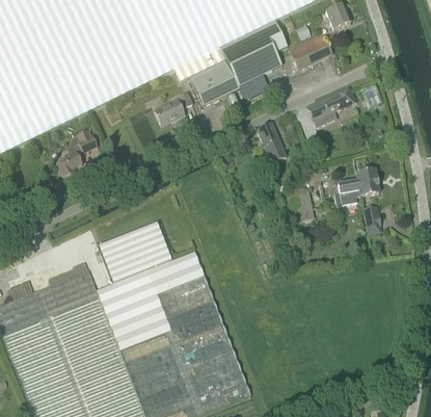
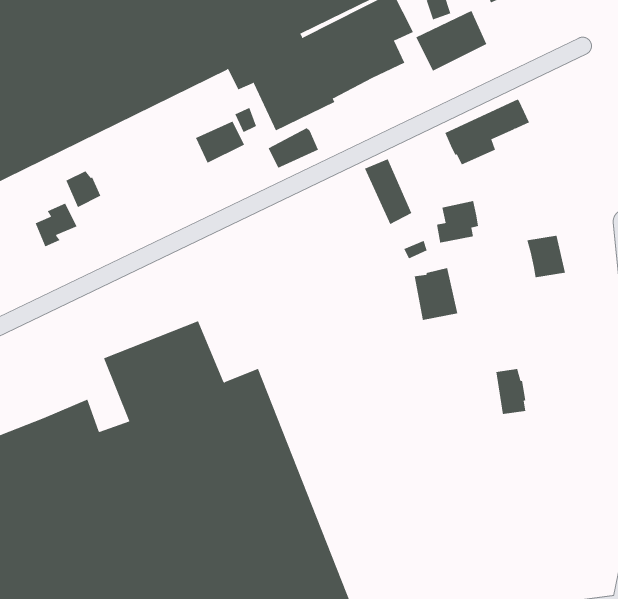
building: [238,73,269,98] -> [268,128,319,168]
building: [334,179,360,205] -> [436,201,479,243]
building: [362,205,381,233] -> [495,369,526,415]

